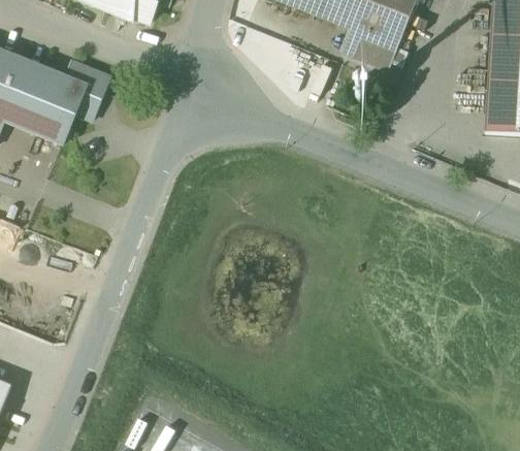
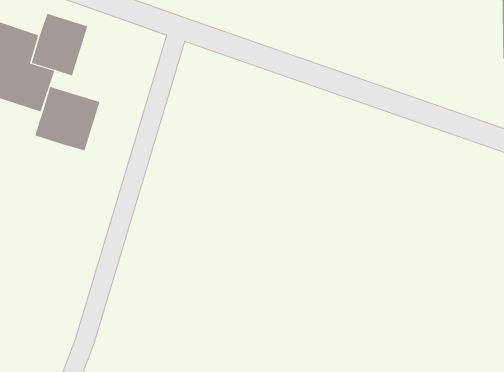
building: none -> [35,86,100,151]

